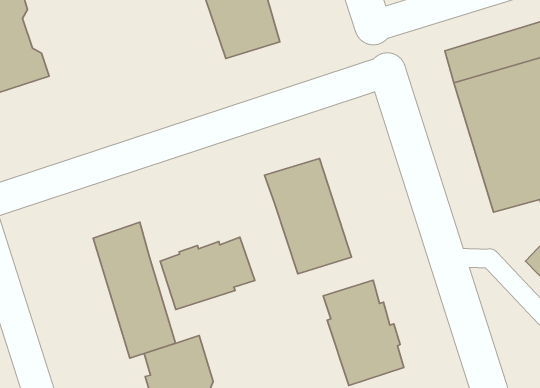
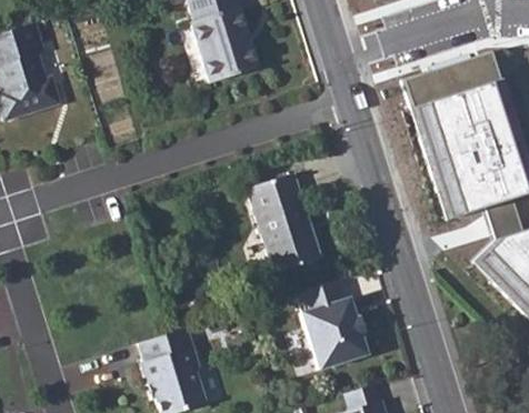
building: [93,222,176,358] -> none
building: [160,237,255,309] -> none

